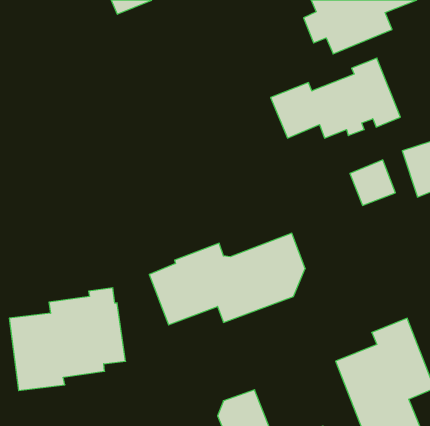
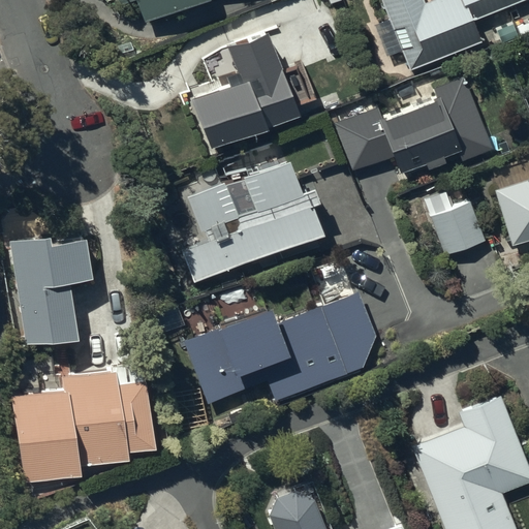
building: none -> [195,30,304,150]
building: none -> [181,157,323,283]
building: none -> [9,235,92,346]

